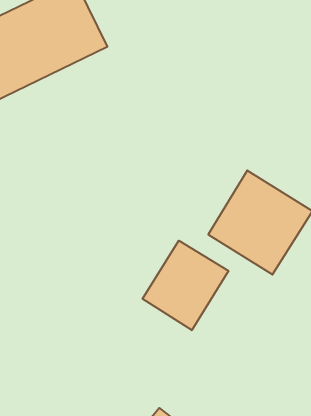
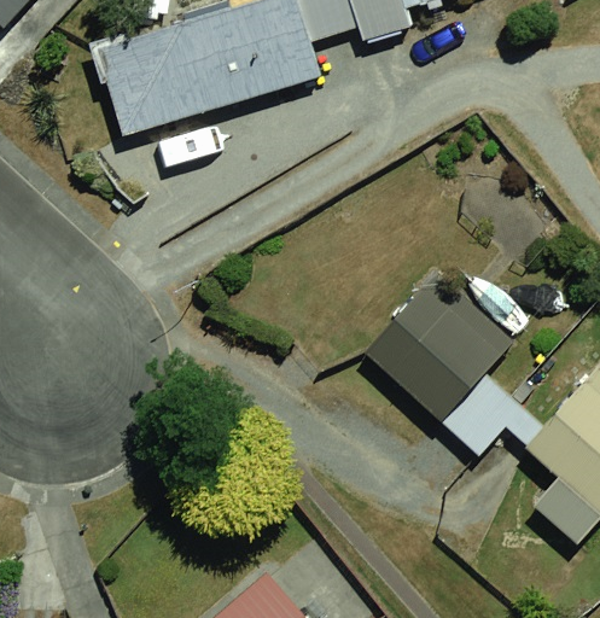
building: [143,241,228,330] -> none

